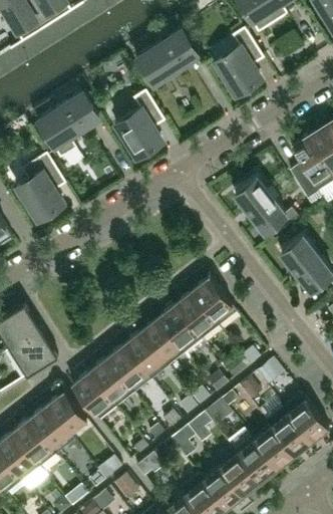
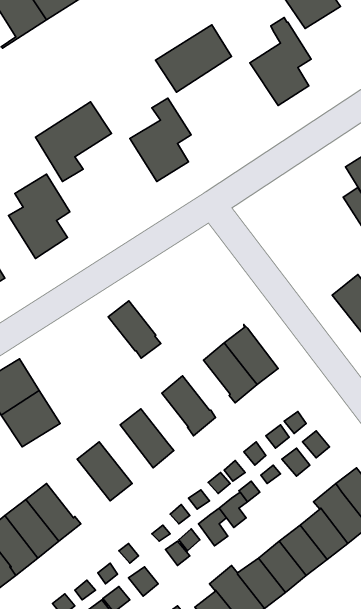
building: [234,176,298,234] -> none
building: [157,304,201,351] -> [108,301,161,358]
building: [123,331,162,372] -> none
building: [89,357,133,406] -> none
building: [46,392,86,434] -> none

